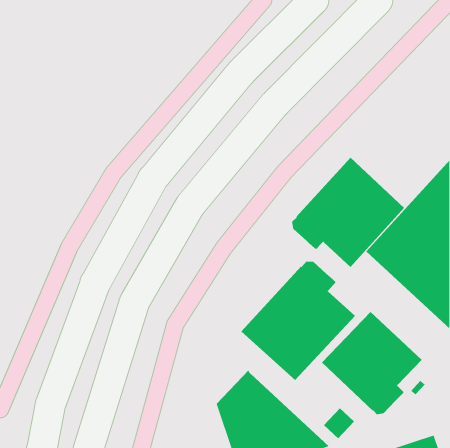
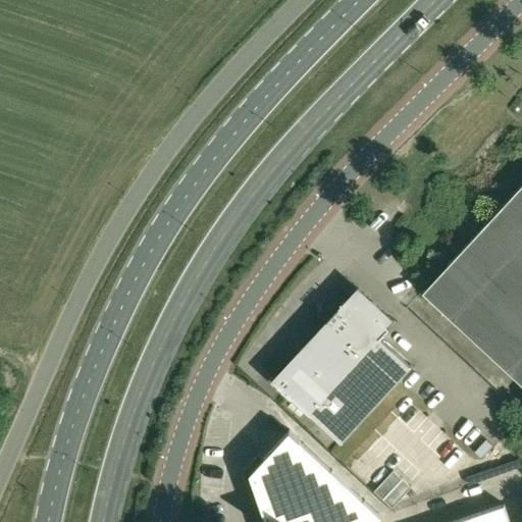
building: [292,157,405,268] -> none
building: [321,311,422,415] -> none

